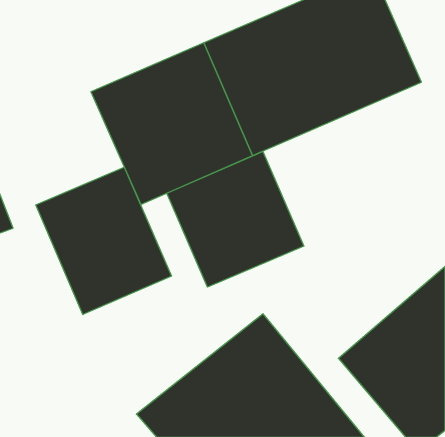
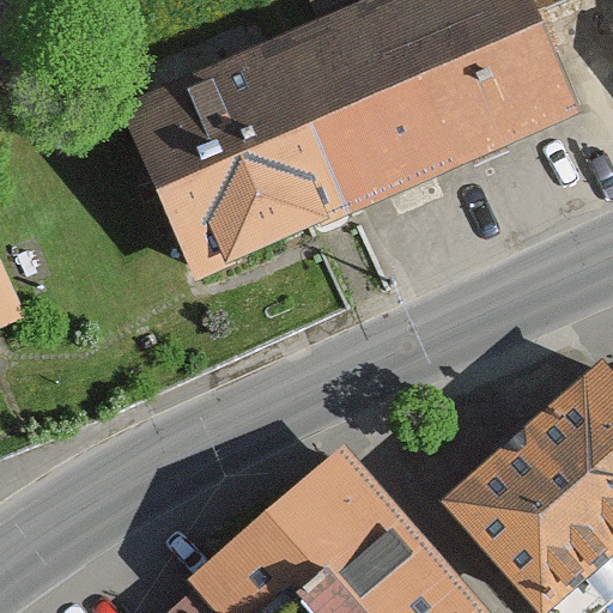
building: [167,151,304,287] -> none
building: [36,167,172,315] -> none

